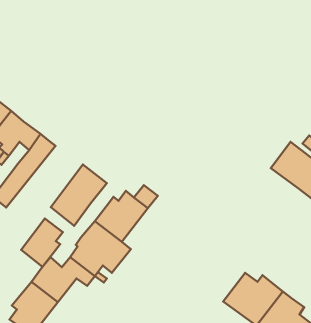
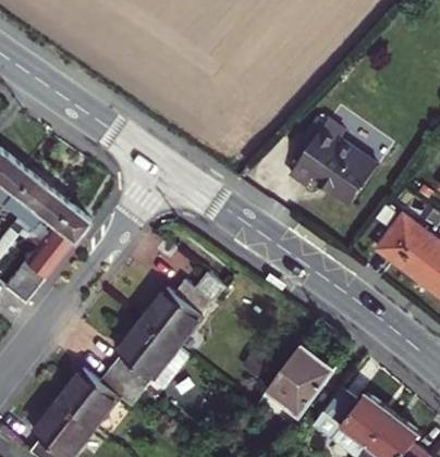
building: none -> [289,120,377,205]
building: [51,164,107,226] -> none
building: [21,219,63,267] -> none
building: none -> [267,344,334,415]

